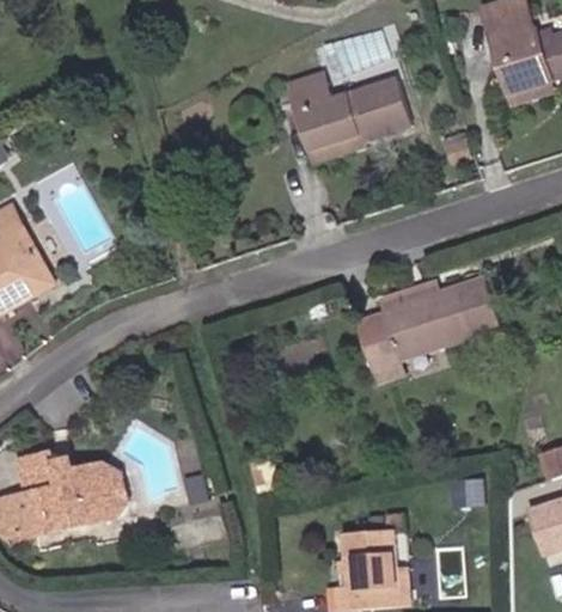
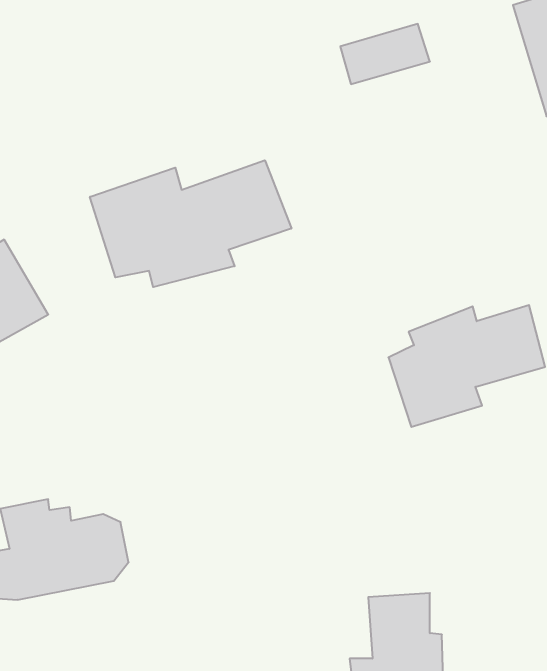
building: [276,72,403,163] -> none
building: none -> [90,160,291,287]

